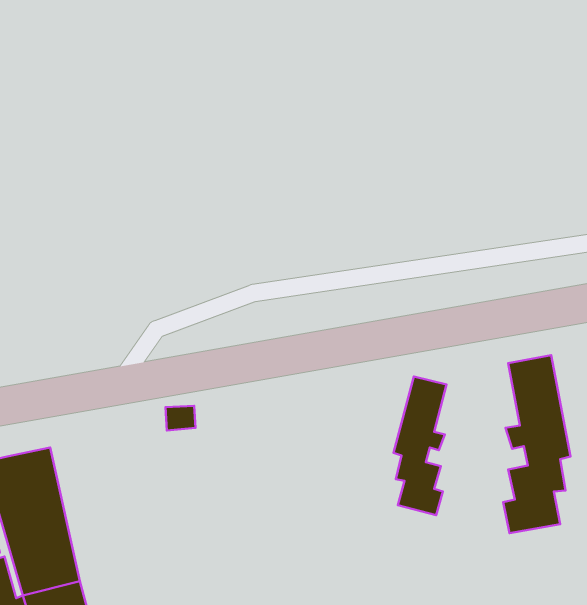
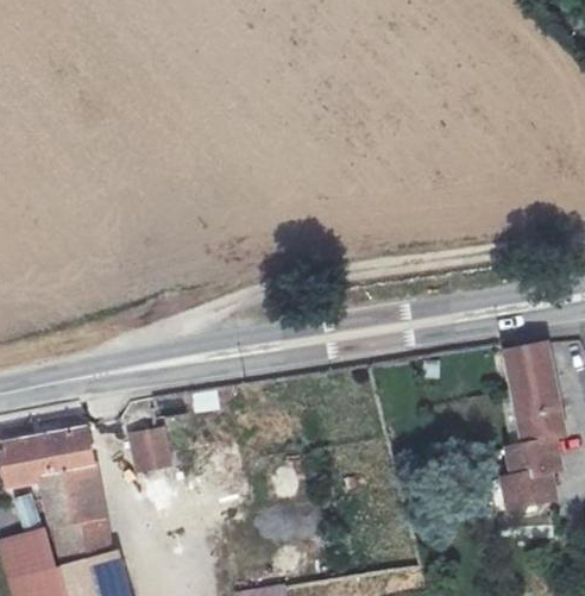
building: [394,376,446,515] -> none
building: none -> [132,431,169,470]

